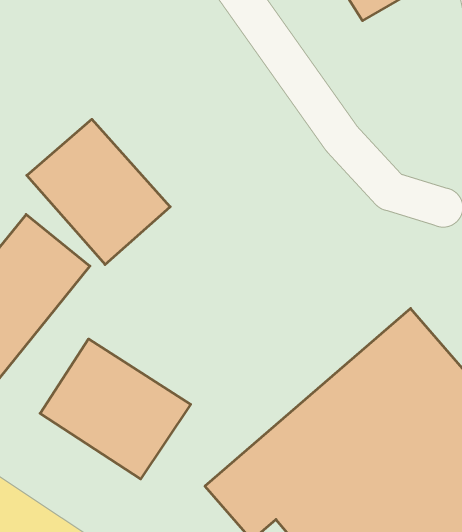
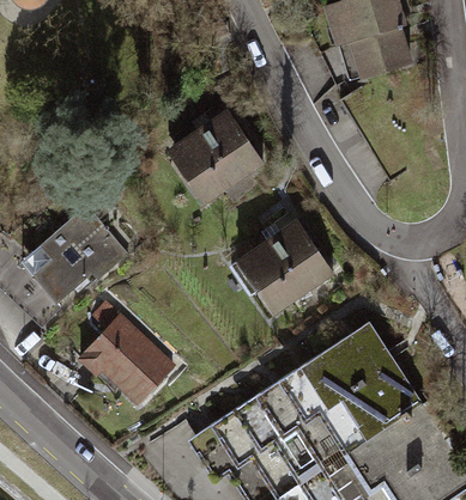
building: [27,119,170,265] -> [156,98,261,209]
building: none -> [225,222,329,325]

